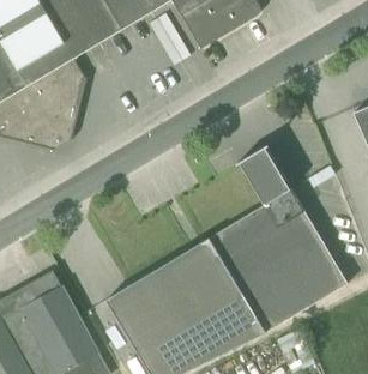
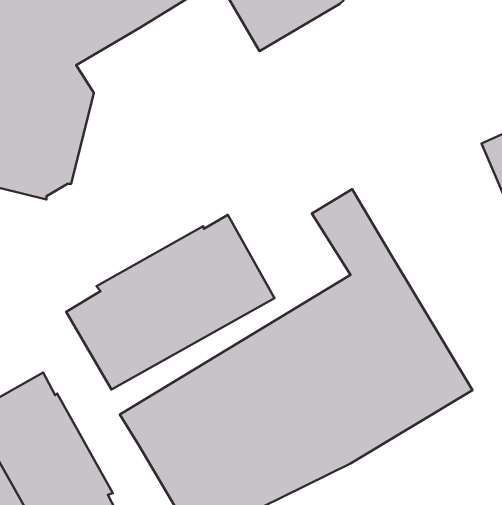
building: none -> [66,215,275,390]

